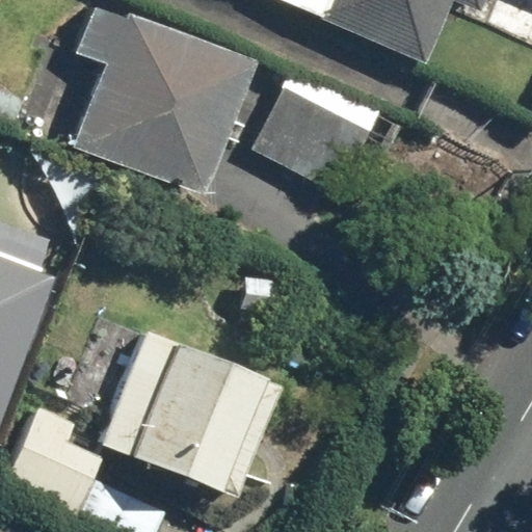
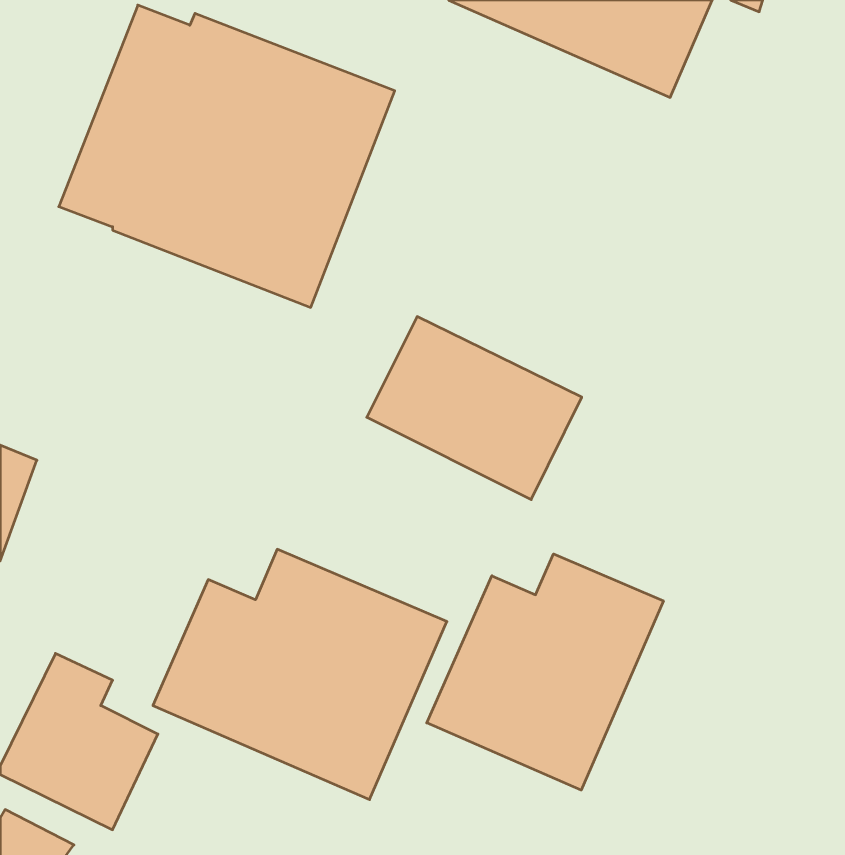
building: [251,89,384,203] -> [367,317,582,500]
building: none -> [427,554,663,790]

